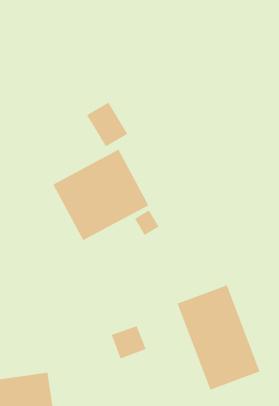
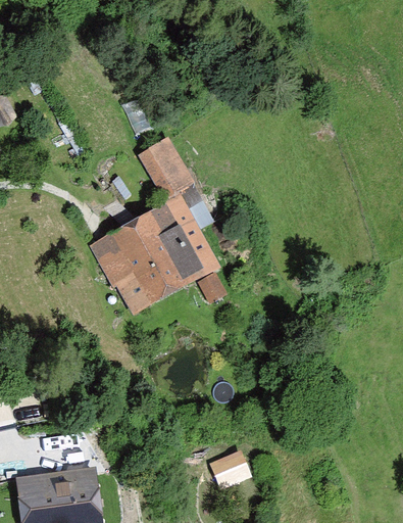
building: [177,284,260,390] -> none
building: [111,326,146,359] -> [208,448,251,489]

